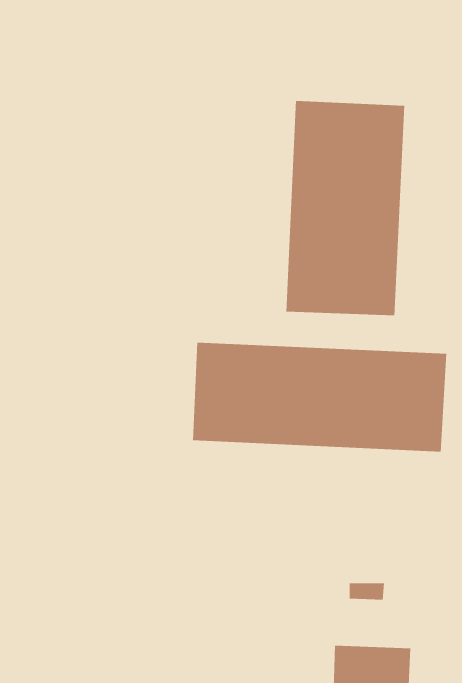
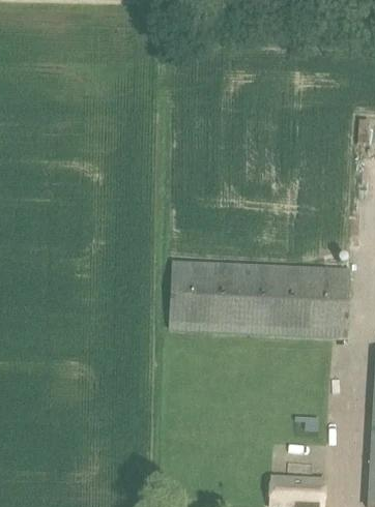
building: [286,100,405,316] -> none

